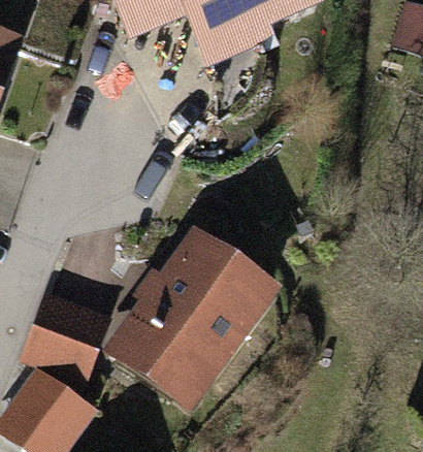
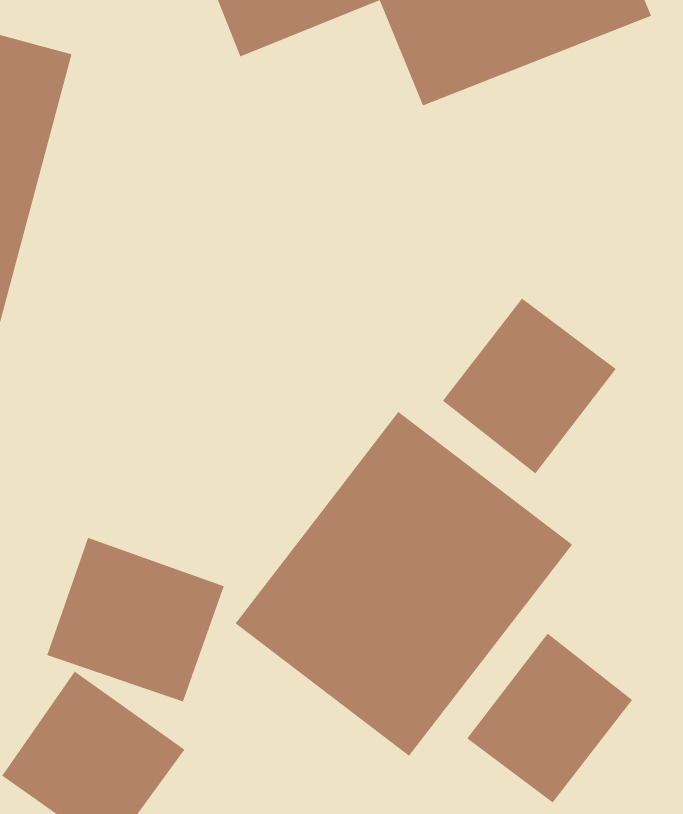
building: none -> [442,297,617,474]
building: none -> [466,633,633,804]

